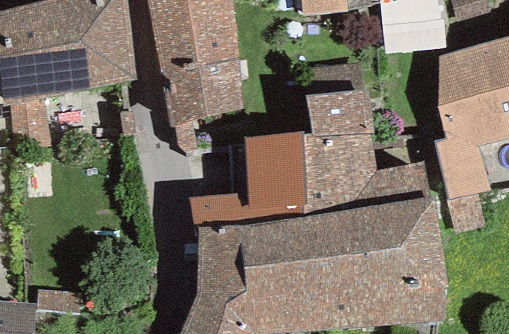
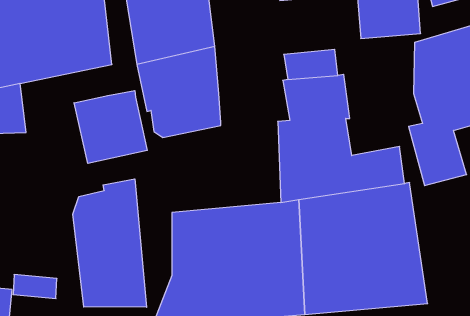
building: none -> [74,91,147,163]
building: [188,130,304,226] -> none
building: none -> [73,179,147,307]

